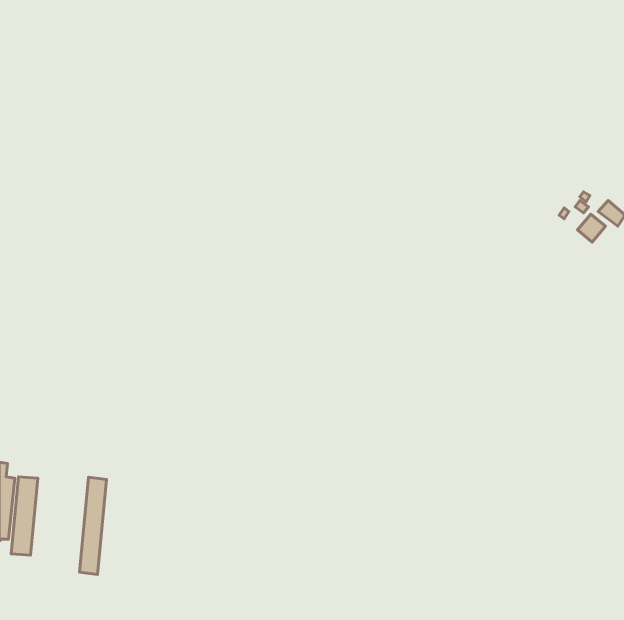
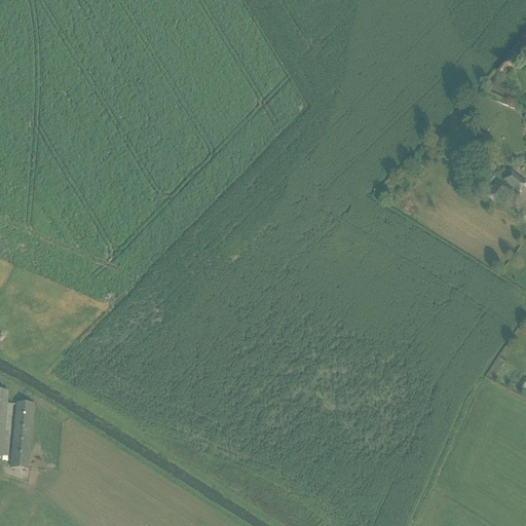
building: [79,477,106,575] -> none

